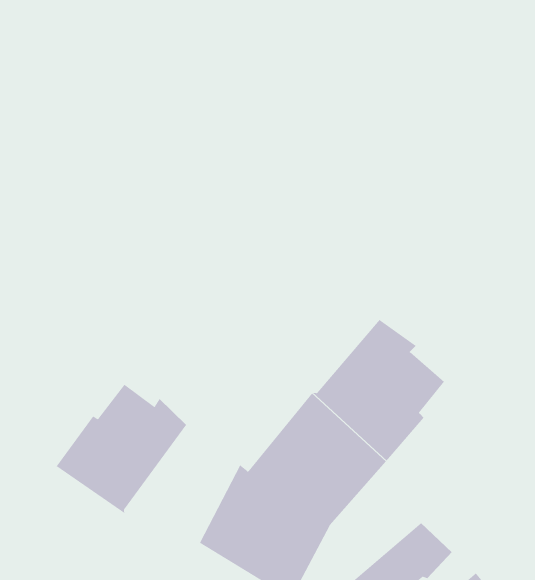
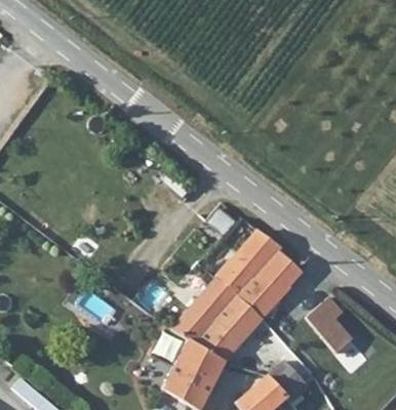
building: [56,384,187,514] -> none
building: none -> [305,295,350,350]

